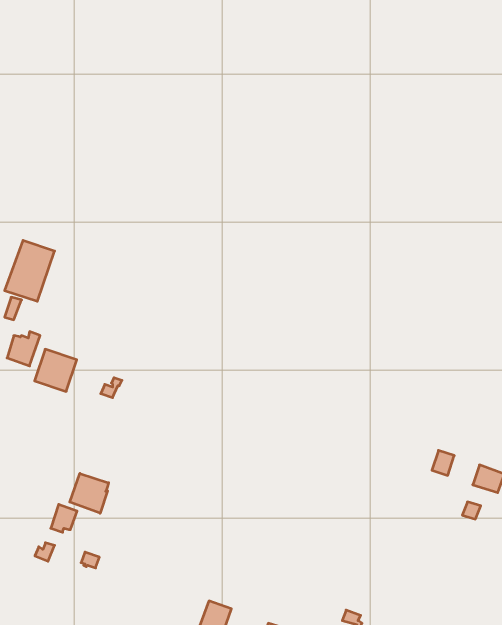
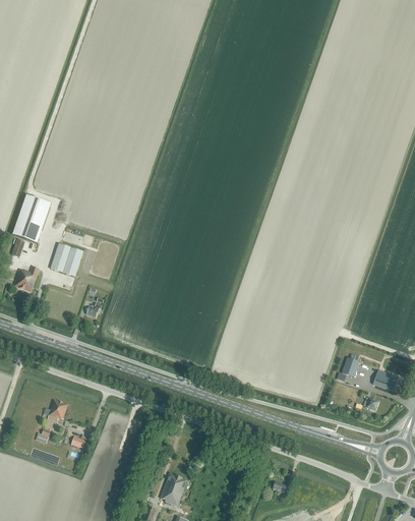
building: [35,349,77,391] -> [50,243,82,276]
building: [70,473,109,513] -> none

